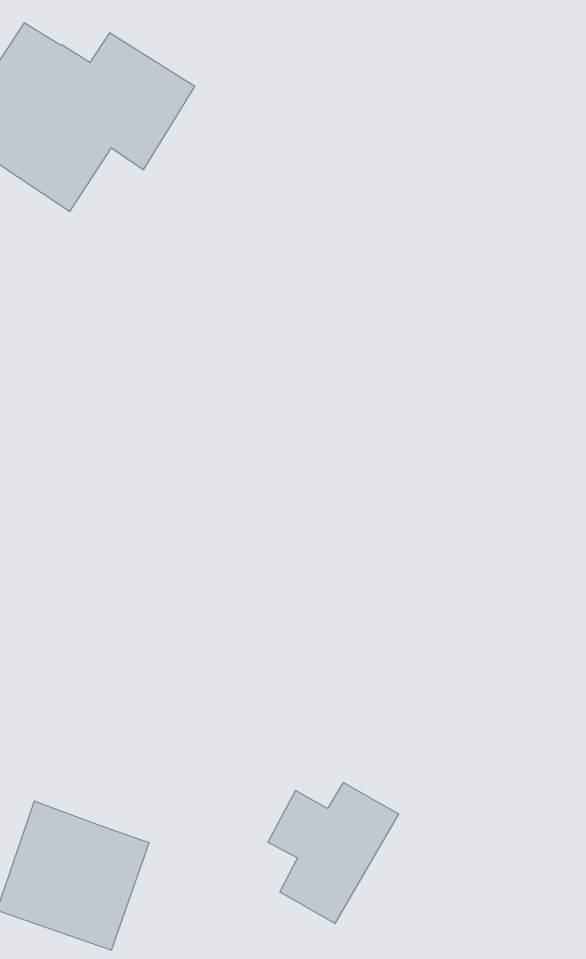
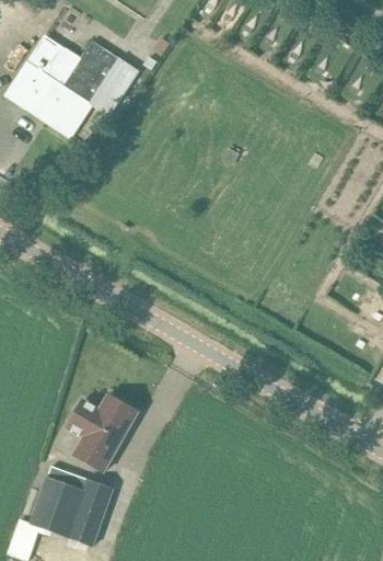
building: [268,783,399,924] -> [67,394,139,472]

